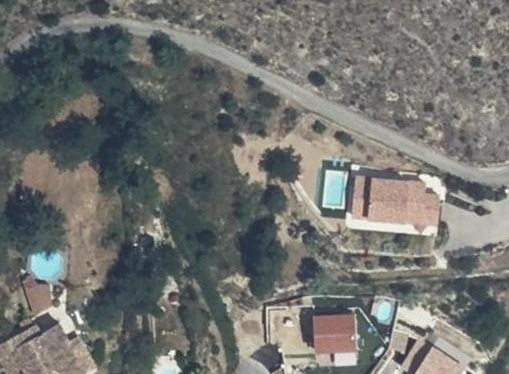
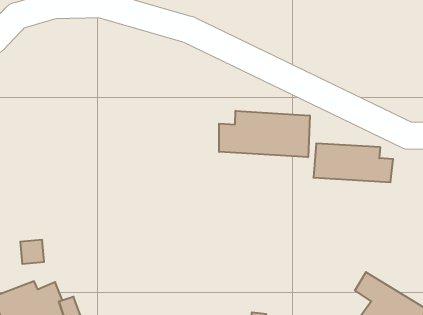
building: none -> [219,111,310,157]
building: [313,310,360,361] -> none

